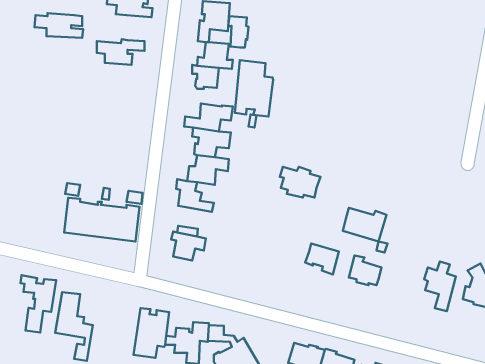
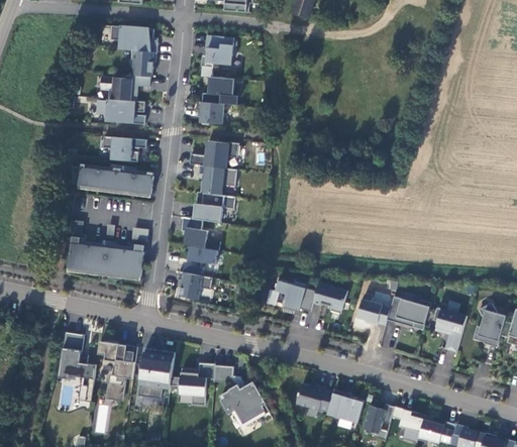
building: [34,13,83,38] -> [95,99,144,124]
building: none -> [129,50,156,77]
building: [228,16,248,48] -> none
building: [235,60,273,116] -> none
building: none -> [102,136,145,161]
building: none -> [70,163,152,198]
building: [280,167,321,198] -> [275,281,316,312]
building: none -> [187,245,217,264]
building: [343,208,386,242] -> [387,296,431,330]
building: [20,275,56,333] -> [101,341,137,400]

